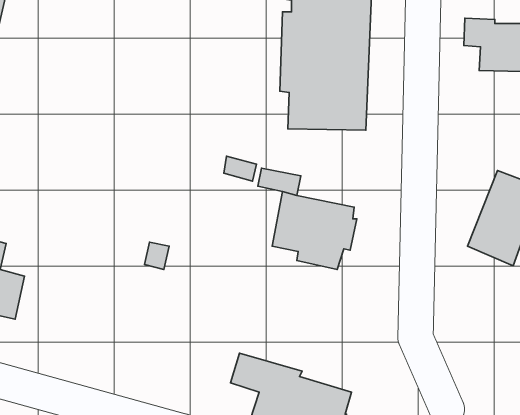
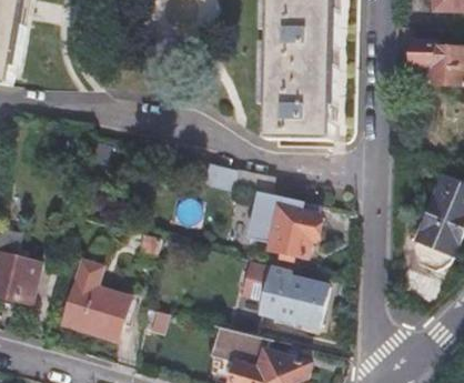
building: none -> [245,261,331,330]
building: none -> [65,264,133,337]

